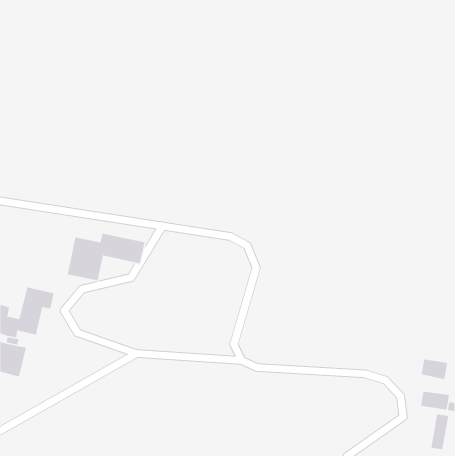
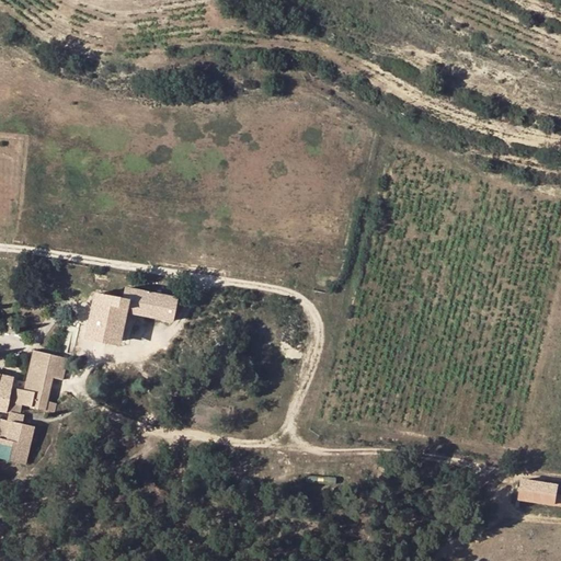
building: [421,358,448,380] -> none
building: [431,414,449,450] -> none

